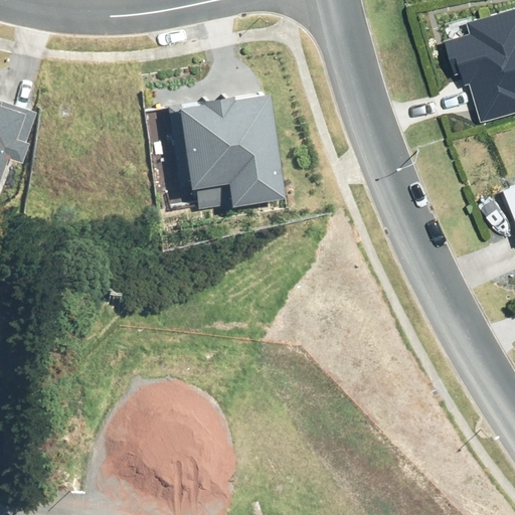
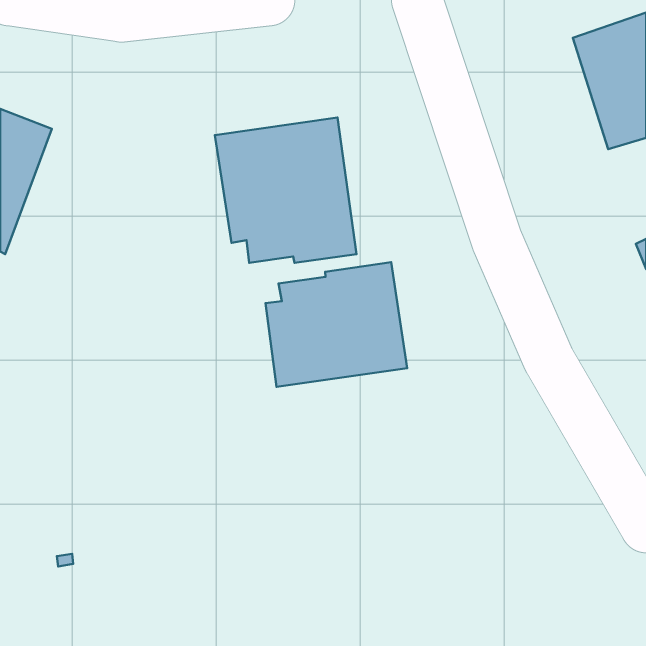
building: none -> [266,262,407,387]

